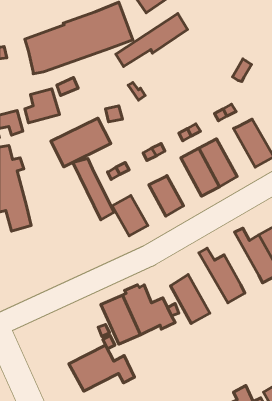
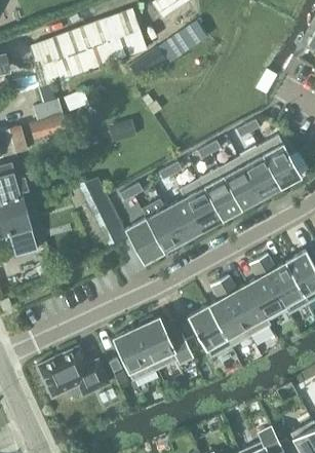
building: [51,118,111,167] -> none
building: none -> [238,147,280,199]
building: none -> [179,179,222,231]
building: none -> [145,209,183,253]
building: none -> [246,260,286,323]
building: none -> [207,282,250,348]
building: [69,345,135,391] -> [36,345,108,395]

